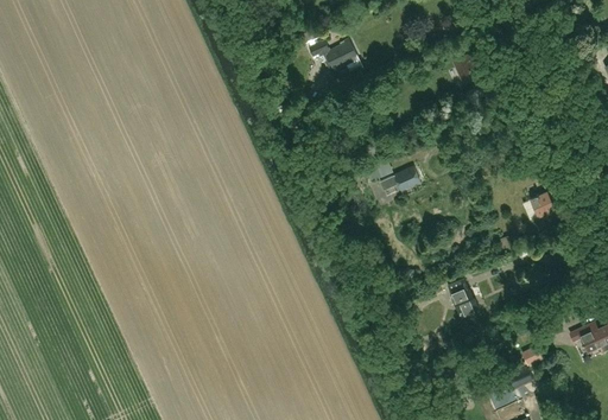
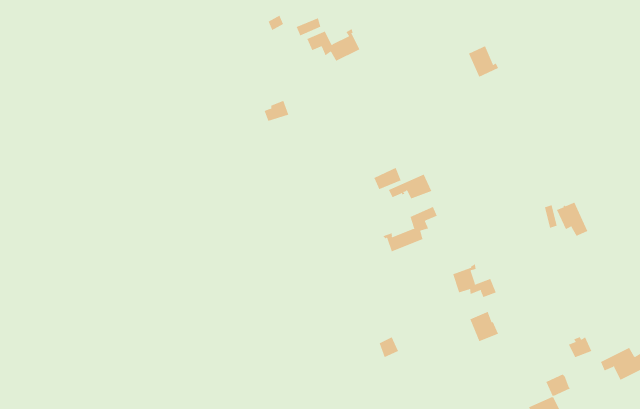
building: none -> [383,206,437,252]
building: none -> [453,264,496,298]

